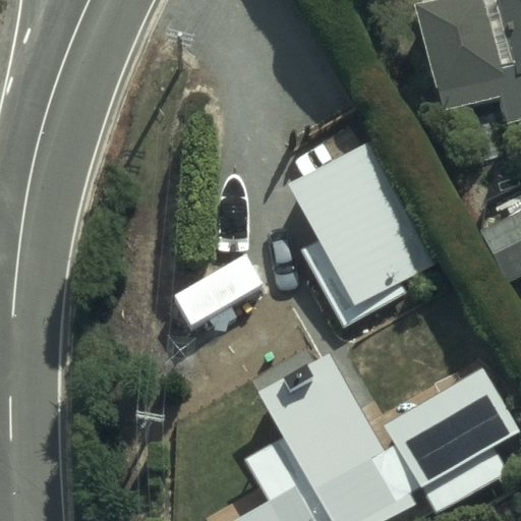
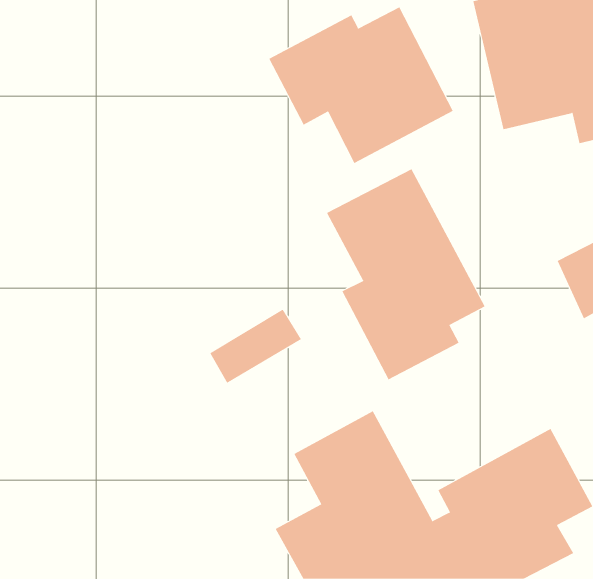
building: none -> [268,6,453,164]

